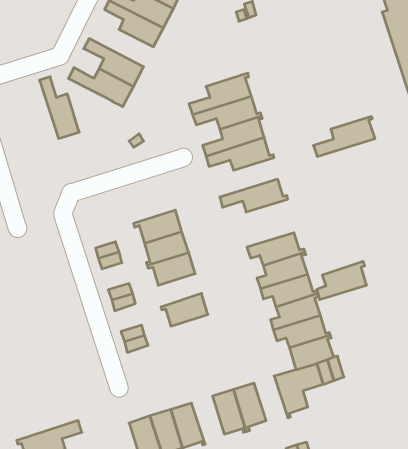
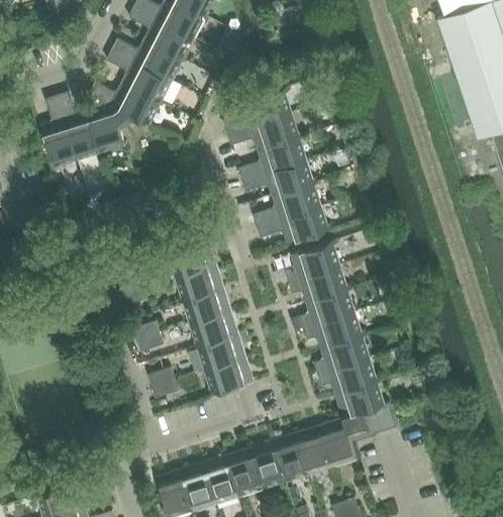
building: none -> [112,39,184,81]
building: none -> [88,94,138,153]
building: none -> [39,96,78,169]
building: [313,117,375,156] -> [254,182,322,226]
building: [317,261,367,300] -> [285,239,340,282]
building: none -> [189,311,237,348]
building: none -> [203,356,253,396]
building: none -> [296,425,333,475]
building: none -> [226,447,263,501]

